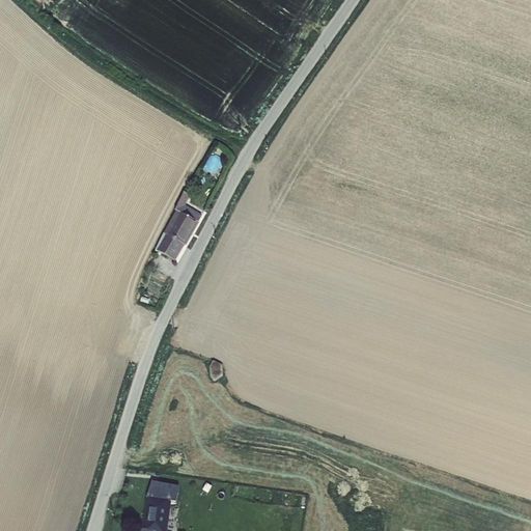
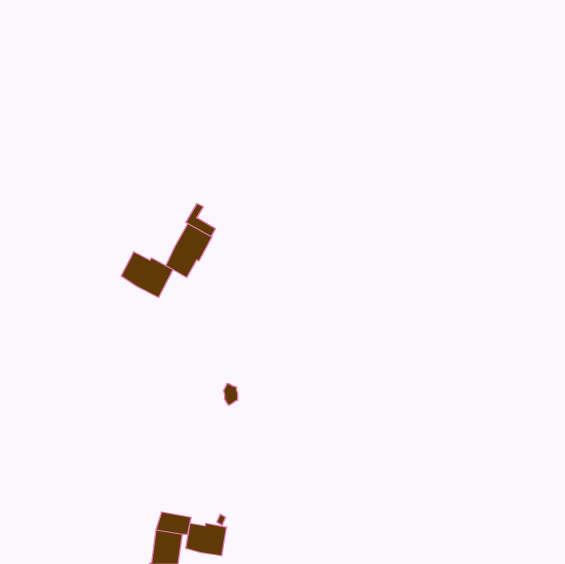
building: none -> [121,252,173,297]
building: none -> [186,523,227,556]

